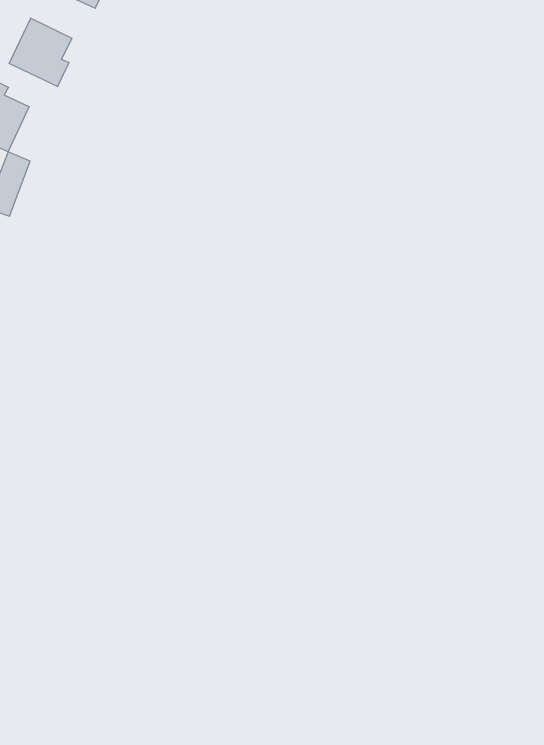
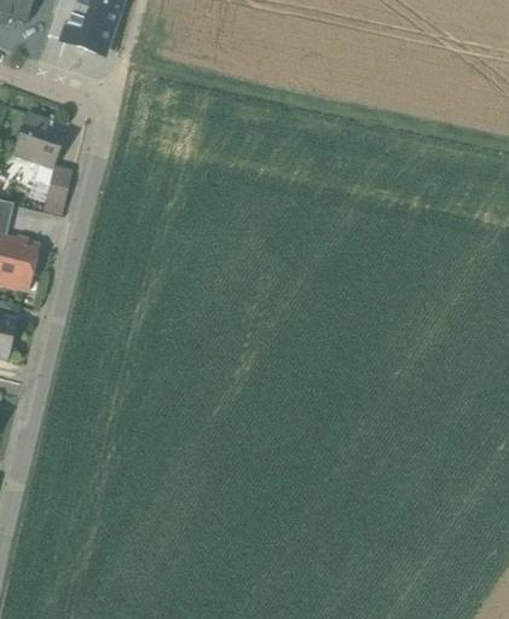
building: [9,18,72,87] -> none

